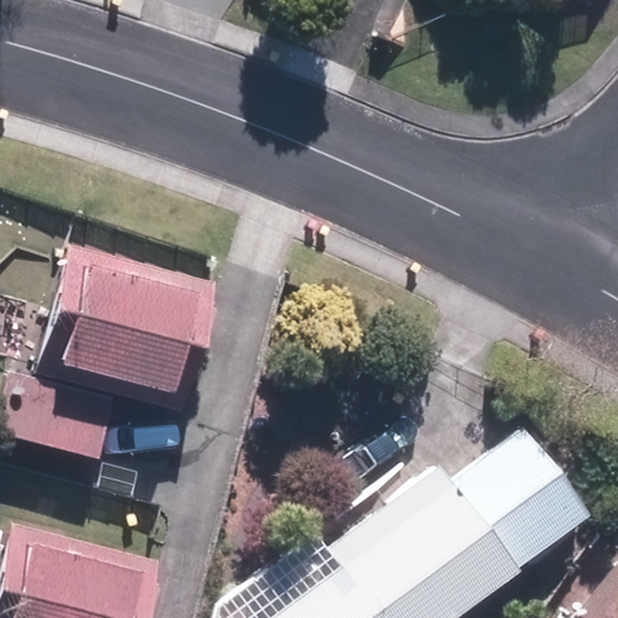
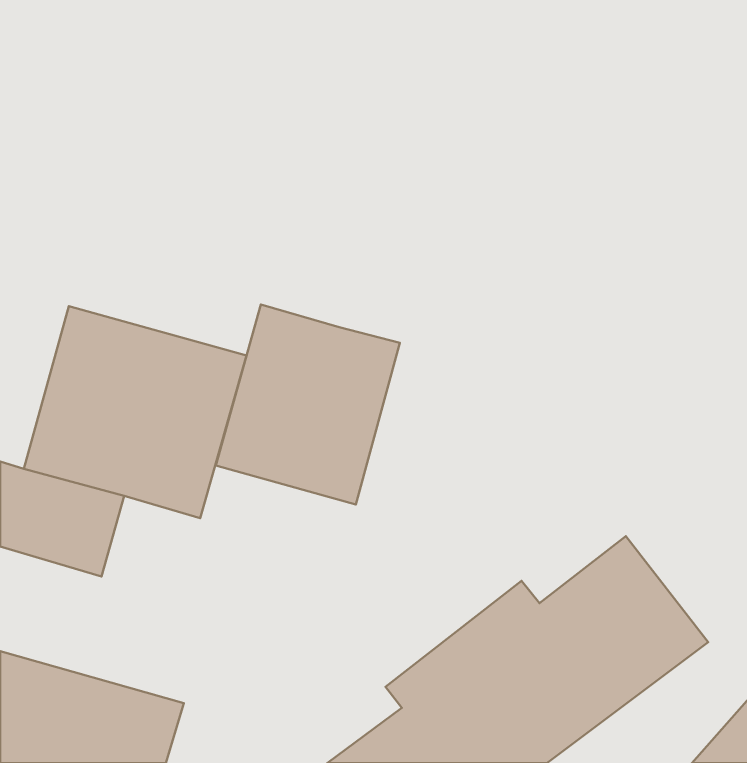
building: none -> [216,305,400,504]

